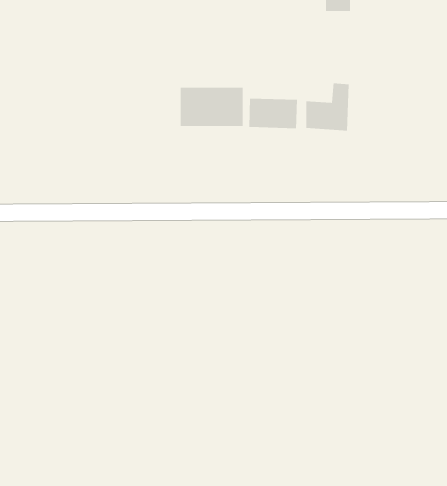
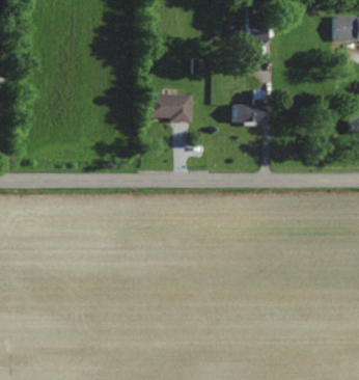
building: [249,98,297,129] -> none

